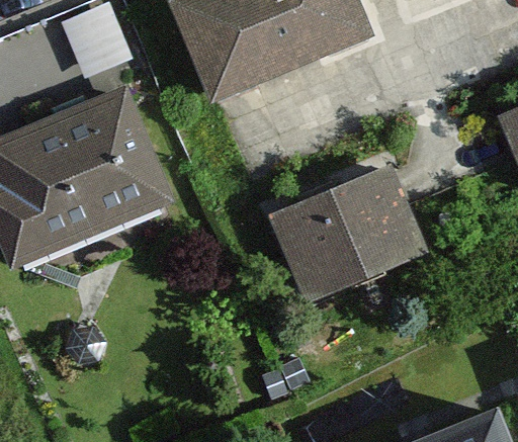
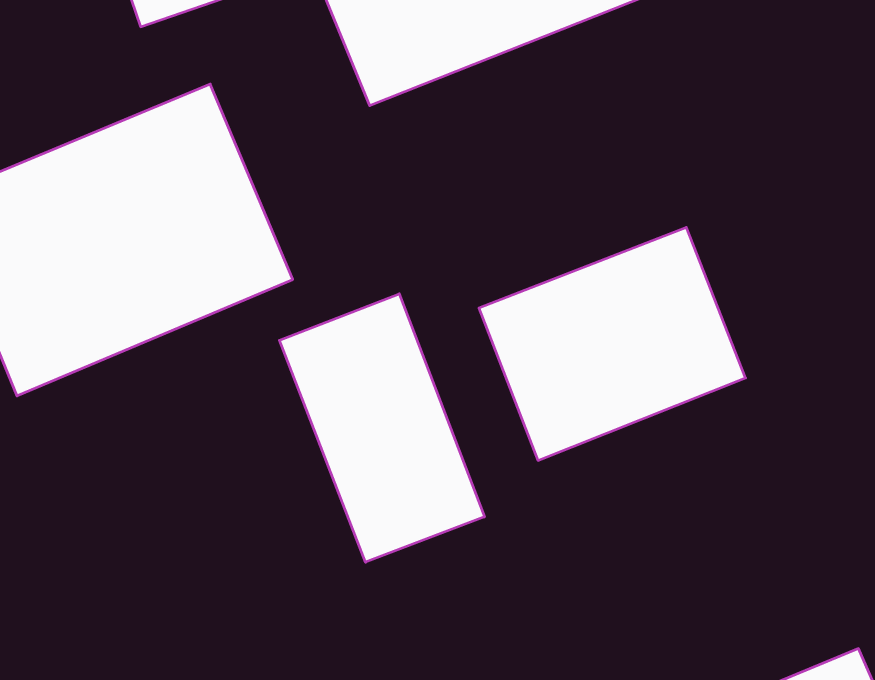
building: none -> [279,294,484,562]

